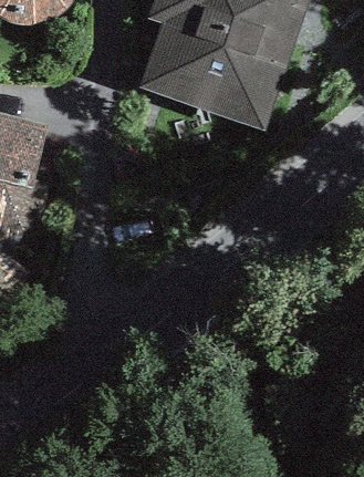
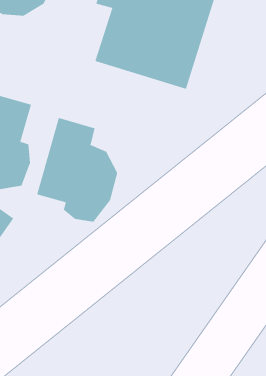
building: none -> [36,117,118,223]

